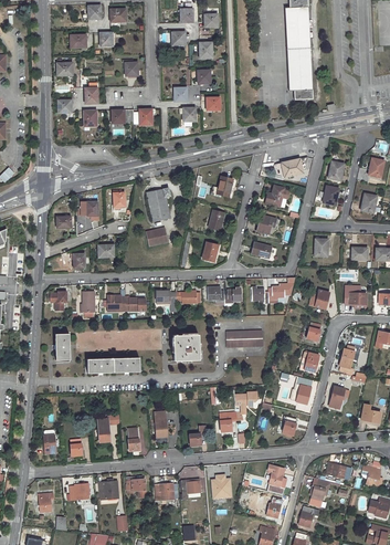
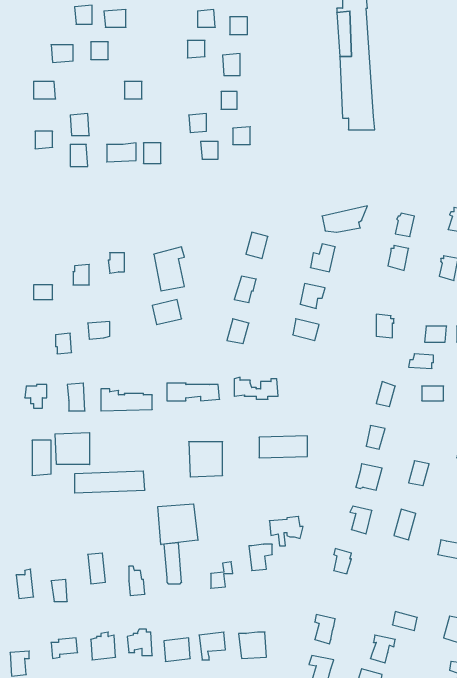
building: [252,284,289,303] -> none
building: none -> [55,433,90,465]
building: none -> [158,504,198,545]

